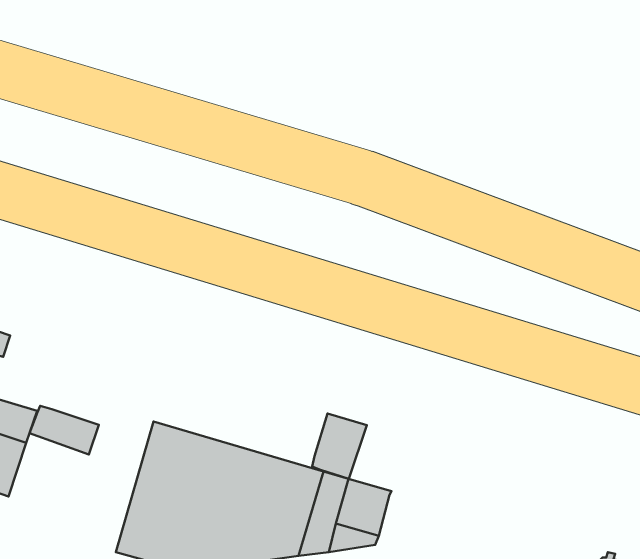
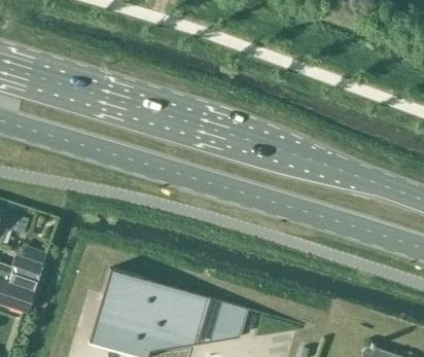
building: [30,406,99,454] -> none
building: [312,413,367,479] -> none

